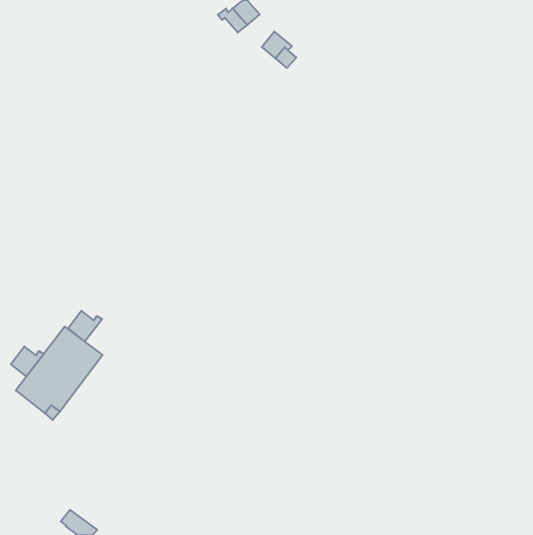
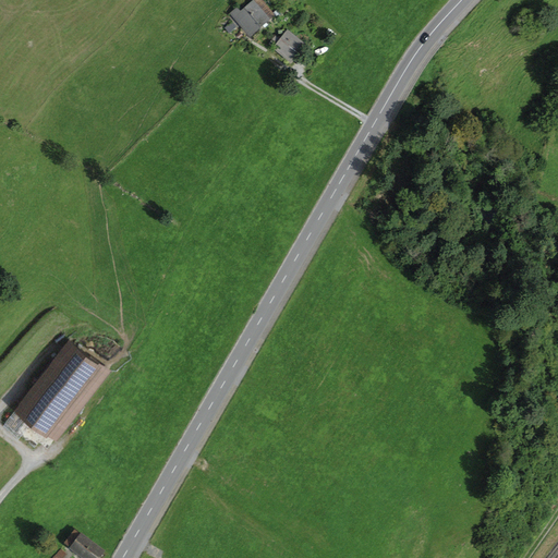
building: [68,311,102,342] -> none
building: [11,346,44,377] -> none

